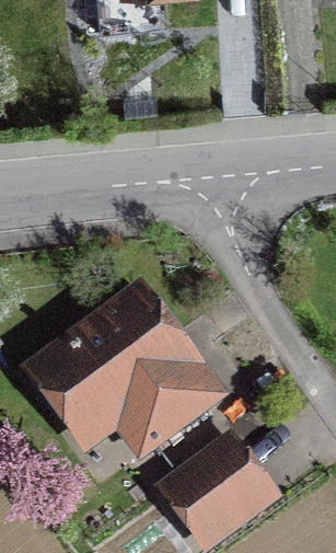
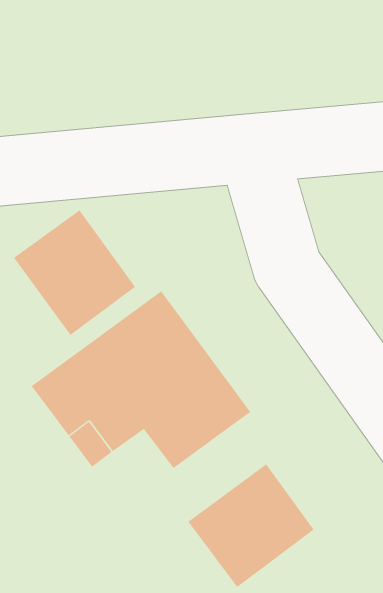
building: none -> [13,209,136,336]

